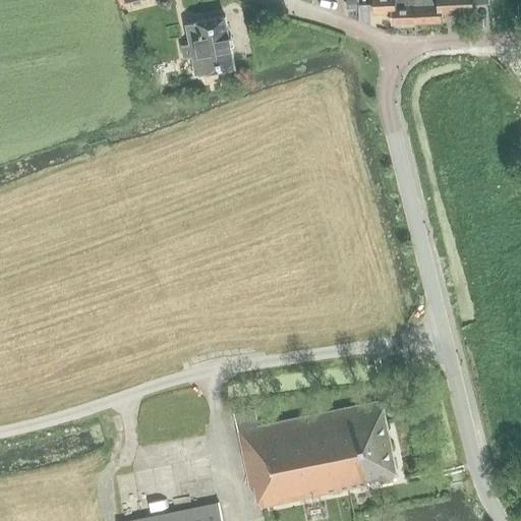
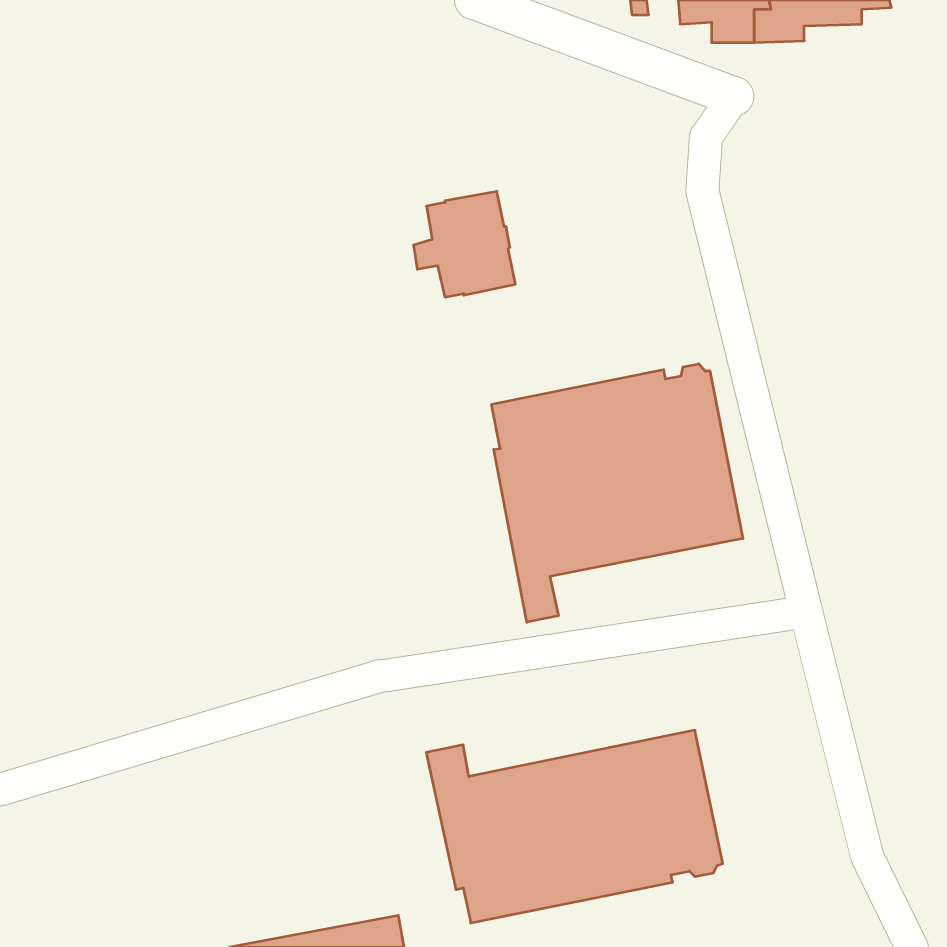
building: [179,16,235,74] -> [413,191,515,297]
building: none -> [492,364,743,622]

